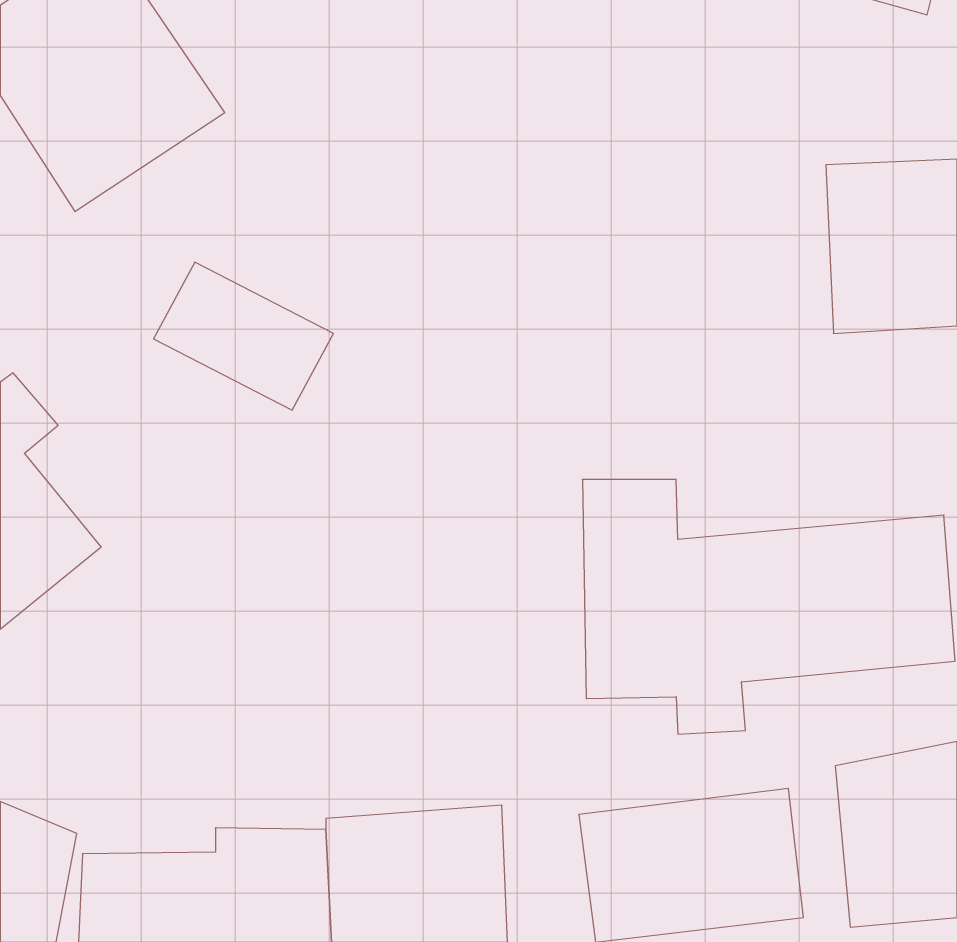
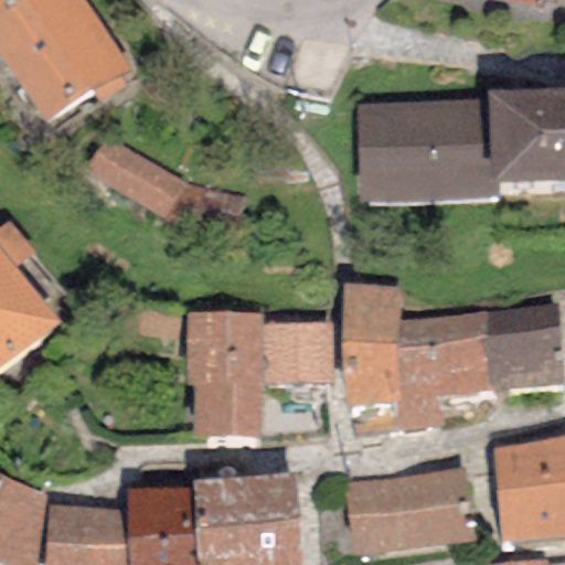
building: none -> [354,97,491,202]
building: none -> [184,309,328,441]

